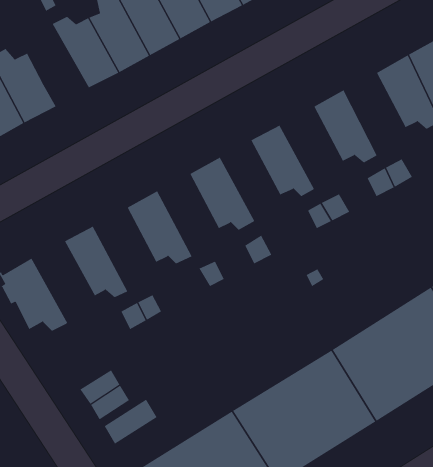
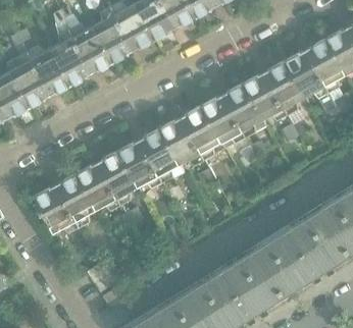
building: none -> [53,30,94,85]
building: none -> [264,62,305,117]
building: none -> [221,85,263,140]
building: none -> [182,107,221,161]
building: none -> [140,129,181,184]
building: none -> [97,152,139,208]
building: none -> [56,174,102,251]

